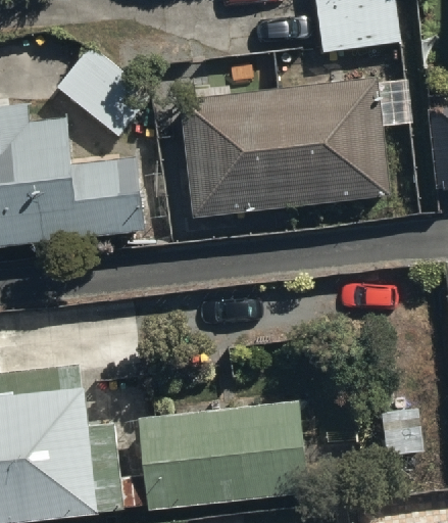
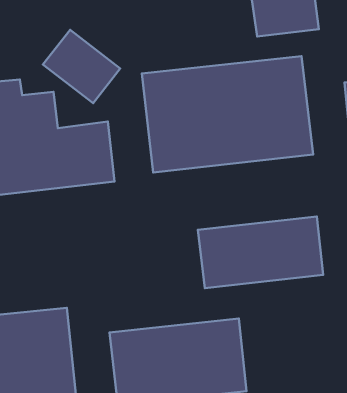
building: none -> [198,216,323,288]

